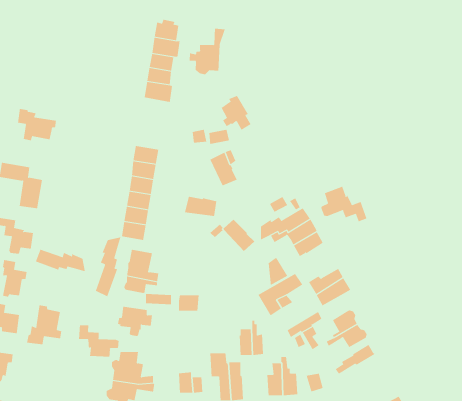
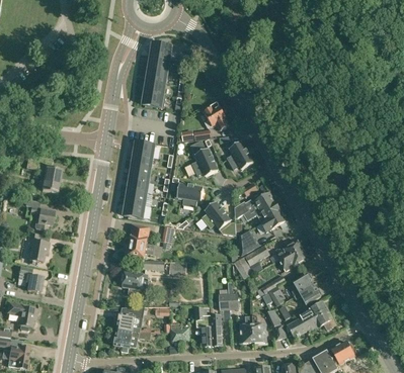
building: [189,28,225,75] -> none
building: [17,108,57,141] -> none
building: none -> [226,139,252,169]
building: [321,186,367,222] -> none
building: [95,237,121,297] -> none
building: [35,249,85,272] -> none
building: [27,305,62,345] -> none
building: [78,325,119,358] -> none
building: none -> [287,308,335,337]

